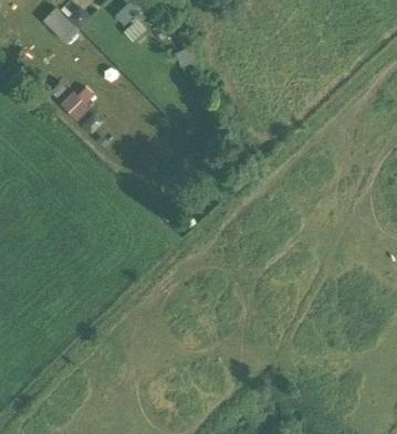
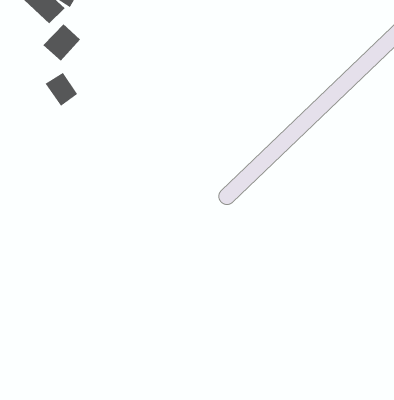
building: none -> [43,23,81,61]

